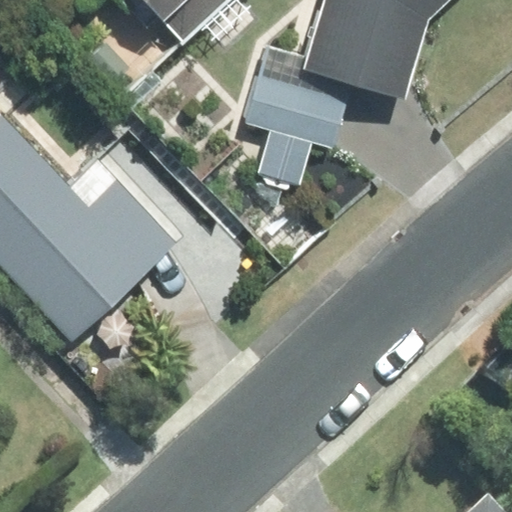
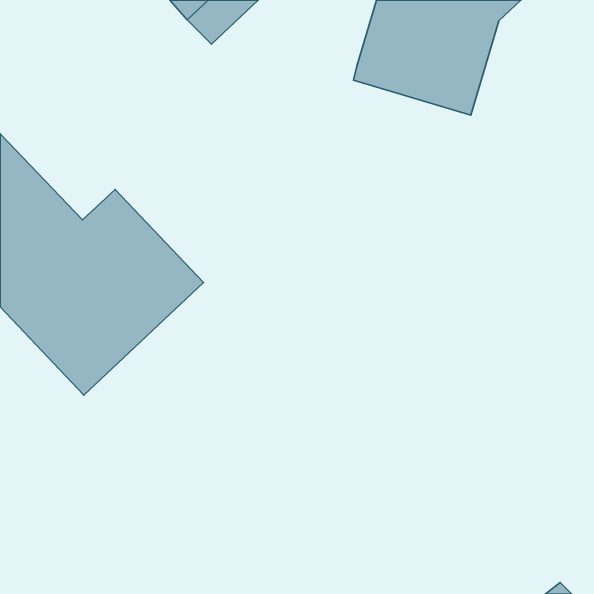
building: [245,46,351,184] -> none

